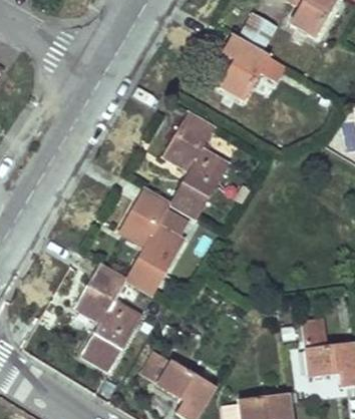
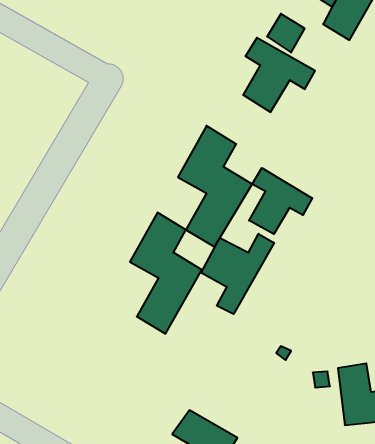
building: none -> [249,168,312,234]
building: none -> [201,234,274,314]
building: [77,265,141,370] -> none

